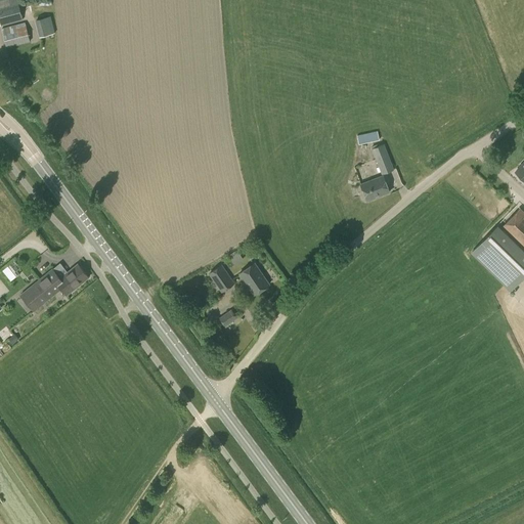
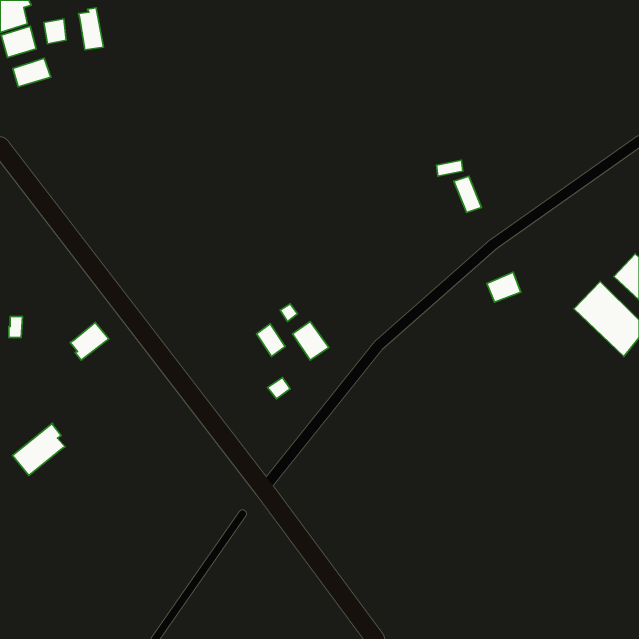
building: none -> [79,8,104,50]
building: none -> [13,58,51,87]
building: [361,175,389,200] -> [487,272,521,302]
building: [20,268,63,311] -> [13,423,65,476]

